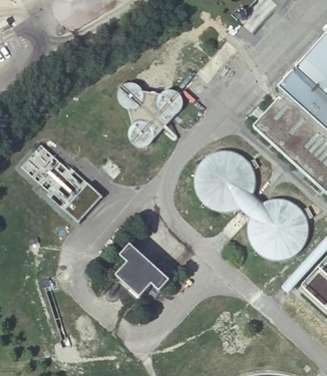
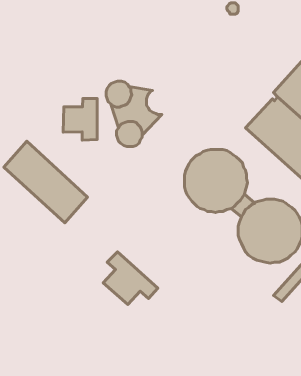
building: [157,88,183,113] -> none
building: none -> [63,98,97,140]

